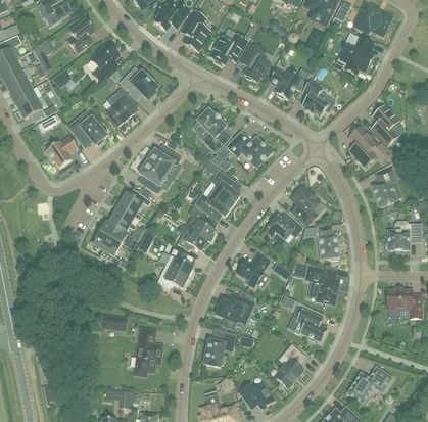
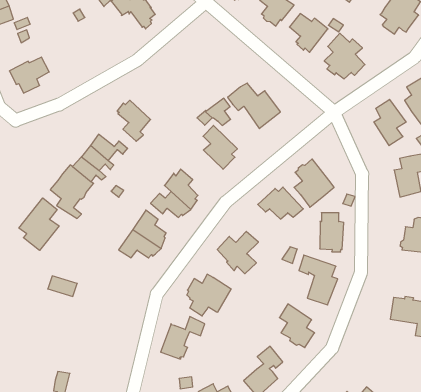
building: [107,88,135,127] -> none
building: [197,108,231,151] -> none
building: [68,115,107,146] -> none
building: [147,148,181,174] -> none
building: [195,192,232,221] -> none
building: none -> [19,198,59,250]
building: [136,328,161,374] -> none

